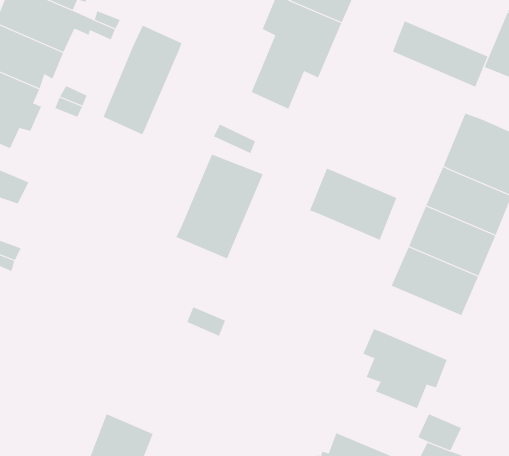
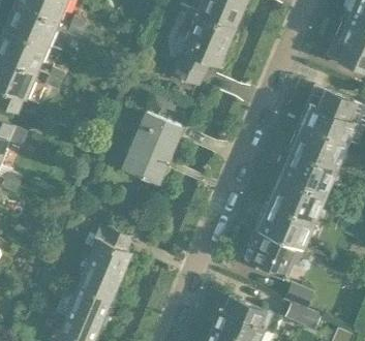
building: [392,21,488,87] -> none
building: [103,25,182,135] -> none
building: [309,168,397,240] -> [254,200,312,248]
building: none -> [79,227,131,298]

